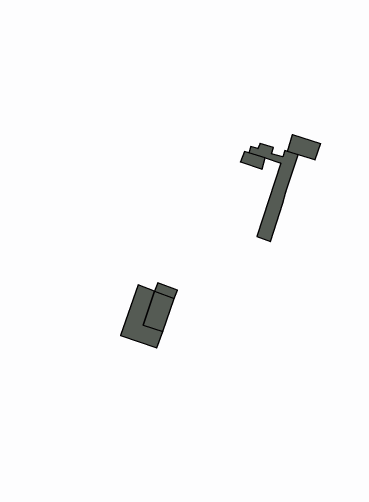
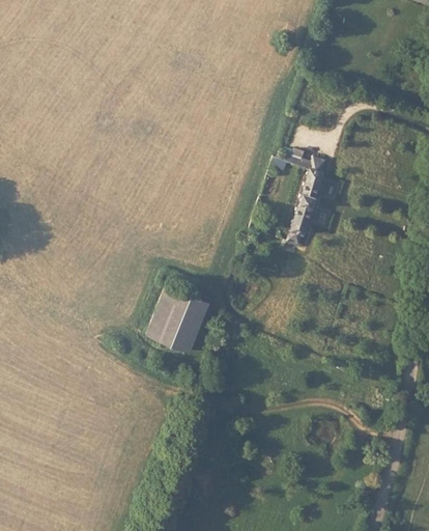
building: [288,135,320,160] -> none

